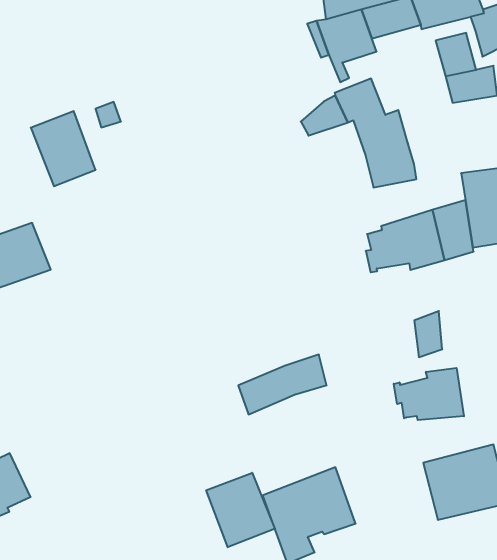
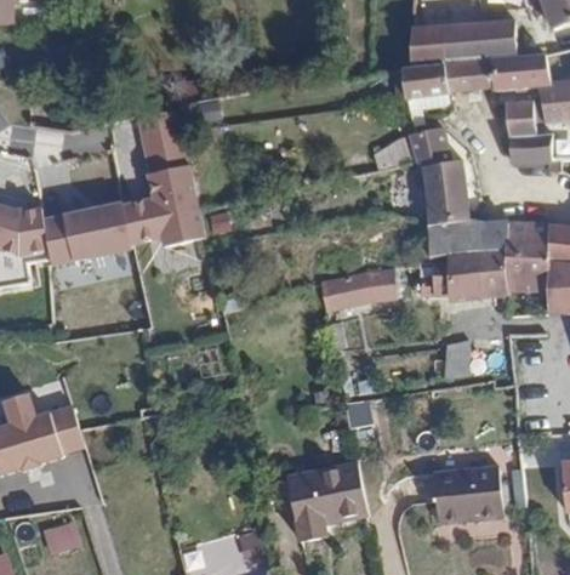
building: none -> [124,167,206,252]
building: none -> [417,221,507,262]
building: [238,355,327,414] -> [321,267,399,309]
building: [394,368,464,420] -> none
building: [206,473,275,547] -> none

